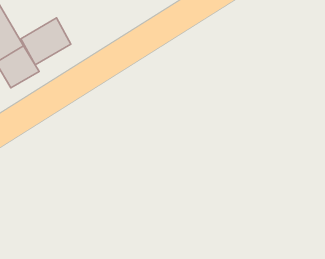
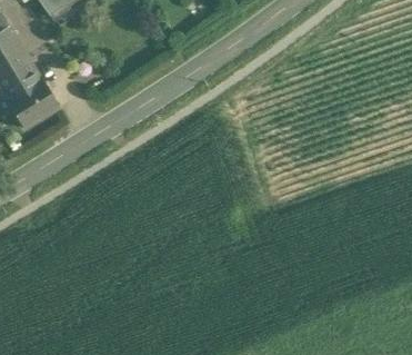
building: [21,18,71,65] -> none

